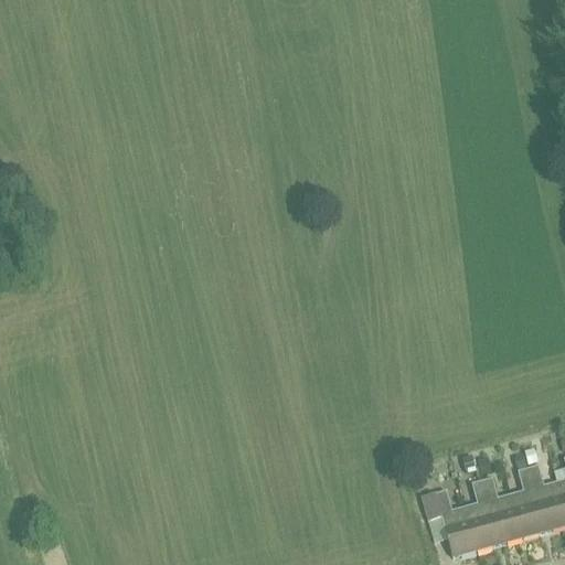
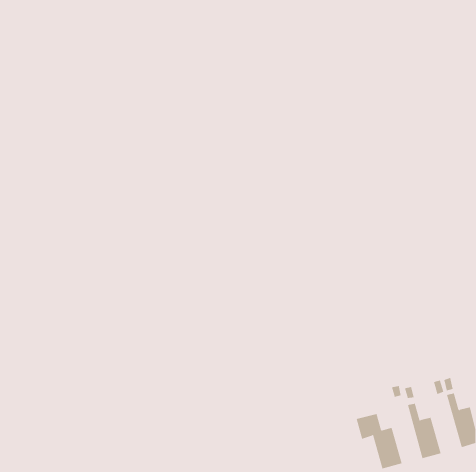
building: [511,468,546,537] -> none
building: [465,480,500,550] -> none

